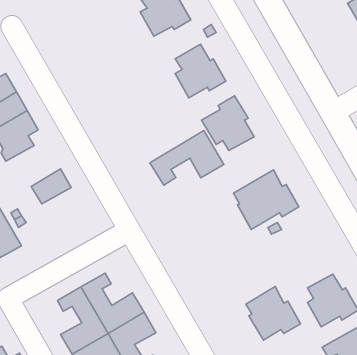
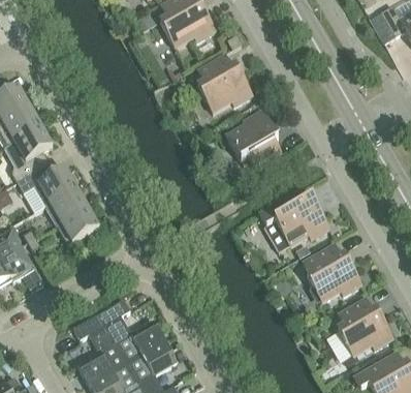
building: [150,130,224,185] -> none
building: none -> [19,162,76,206]
building: none -> [57,207,100,245]
building: [246,287,300,340] -> [304,244,361,301]

